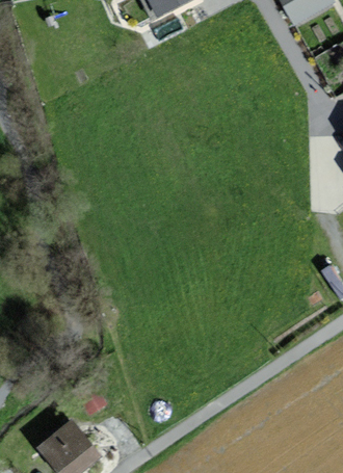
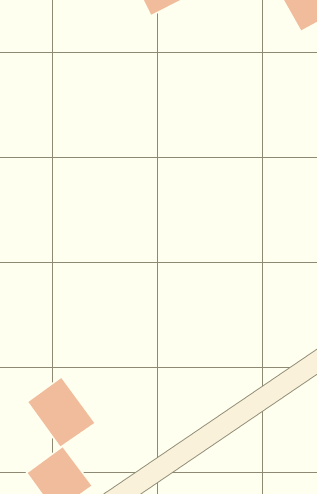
building: none -> [27,377,96,448]

